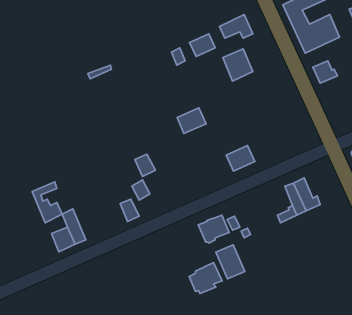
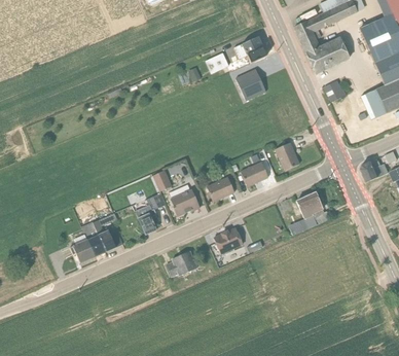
building: [177,108,206,133] -> [207,176,234,201]
building: none -> [275,141,299,170]
building: none -> [169,188,199,215]
building: [32,182,62,223] -> [93,212,121,251]
building: [216,245,245,279] -> none
building: [189,262,222,294] -> [166,250,197,280]

